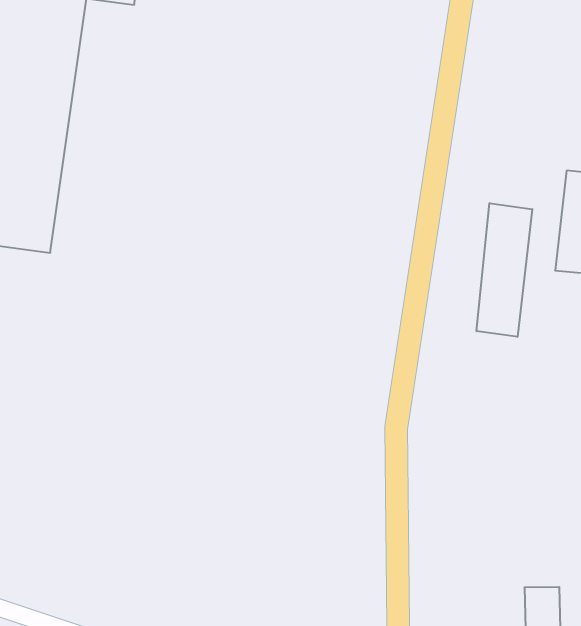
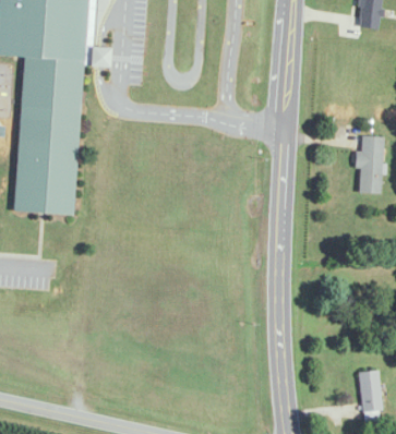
building: [477,203,532,337] -> none

